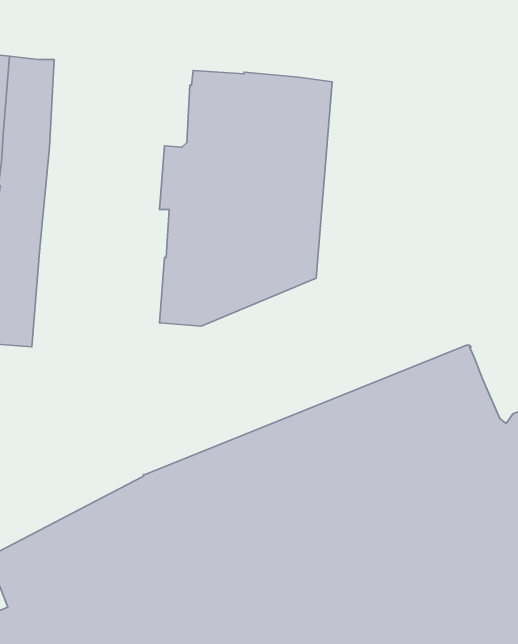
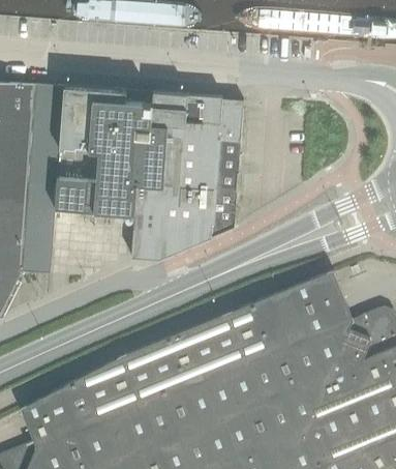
building: none -> [54,87,151,215]

